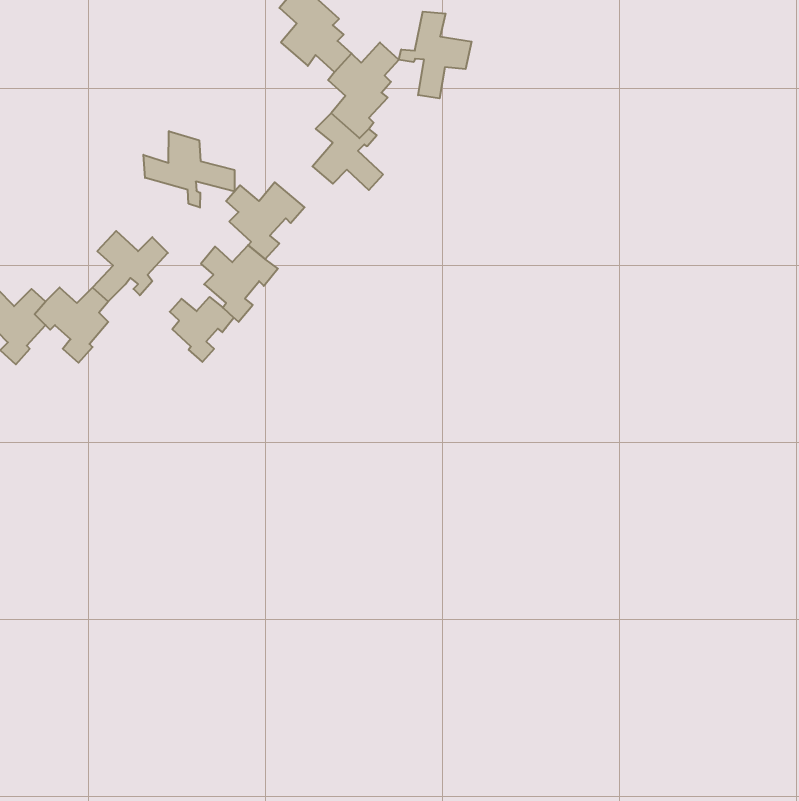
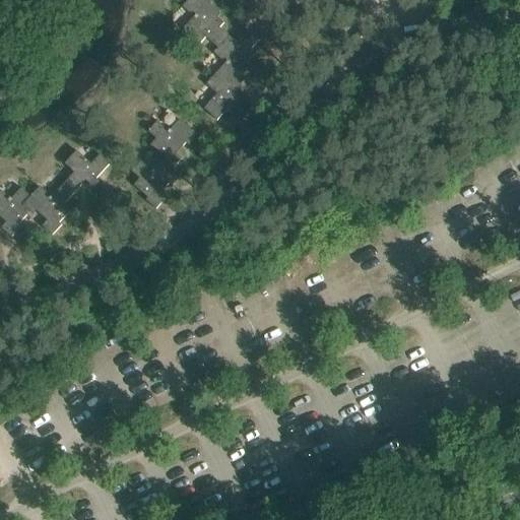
building: [399,12,472,98] -> none
building: [143,131,235,208] -> none
building: [170,297,234,362] -> none

